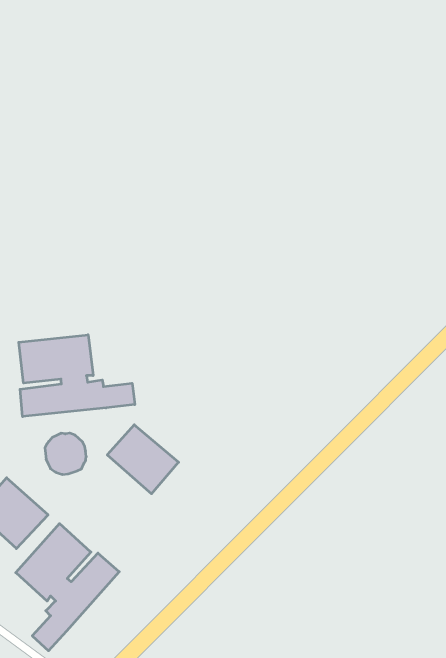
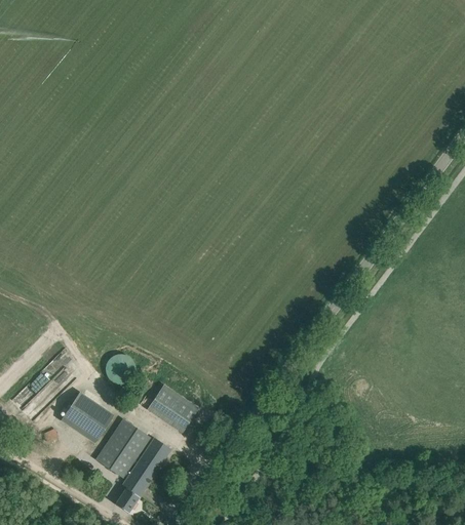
building: [19,335,135,417] -> none
building: [107,425,179,494] -> [147,383,199,432]

